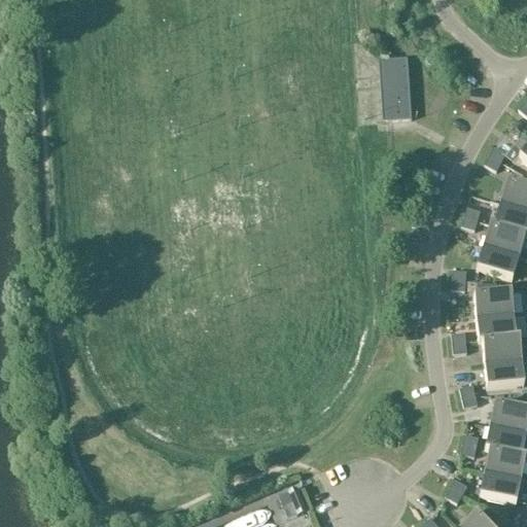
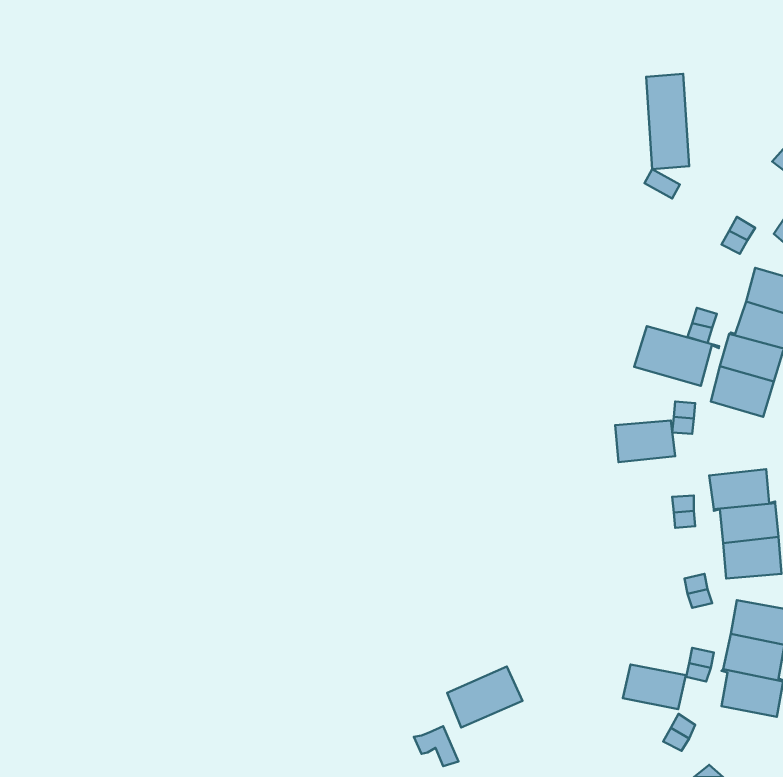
building: [384,56,413,119] -> [646,74,689,169]
building: none -> [634,326,719,386]
building: [475,290,515,318] -> [615,421,675,462]
building: none -> [447,667,523,728]
building: [480,472,522,502] -> [623,664,686,709]

